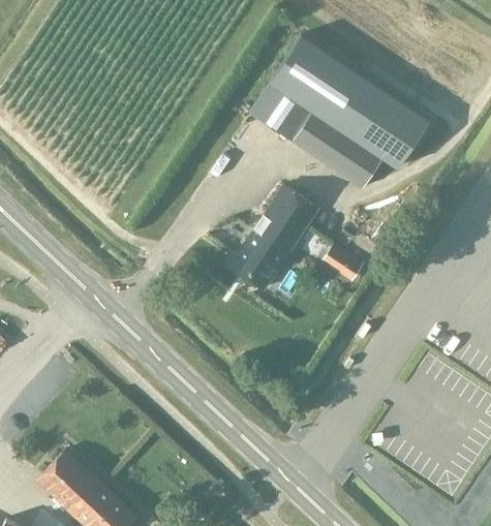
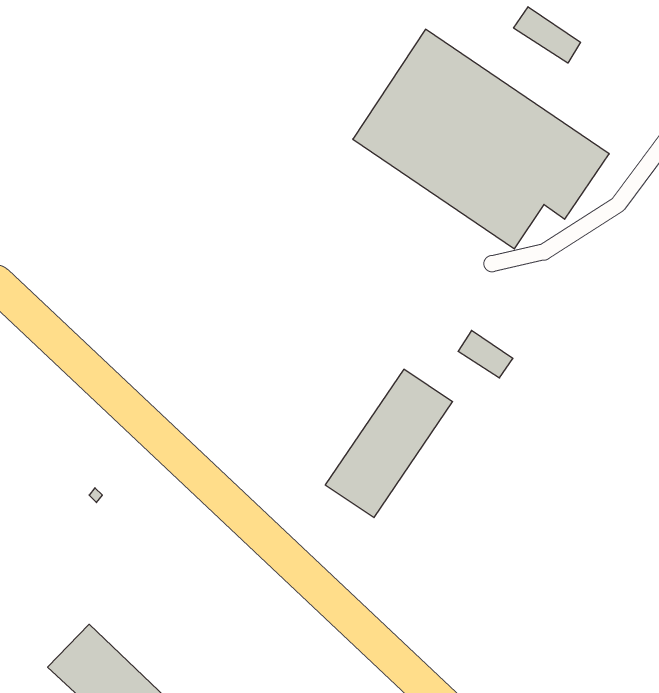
building: none -> [514,7,581,63]
building: [229,186,318,289] -> [325,369,453,518]

